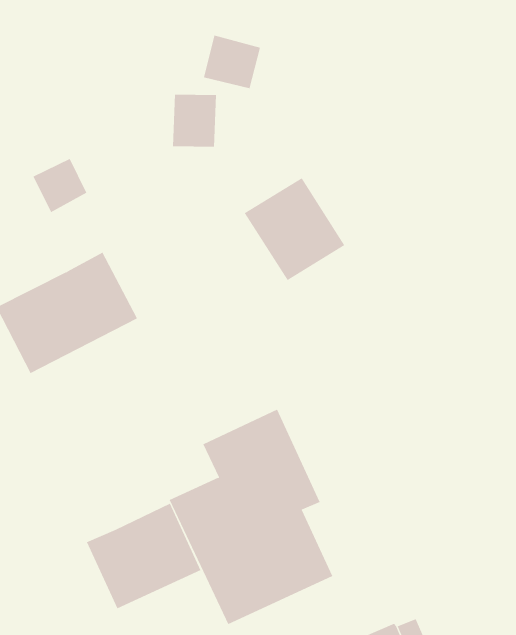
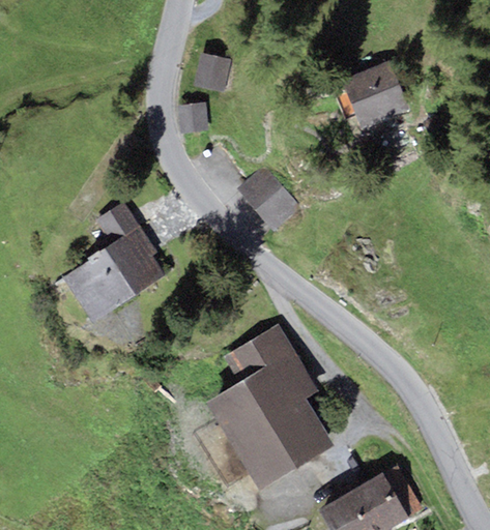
building: none -> [340,69,410,142]
building: [32,158,87,213] -> [95,203,137,244]
building: [86,503,201,609] -> none

